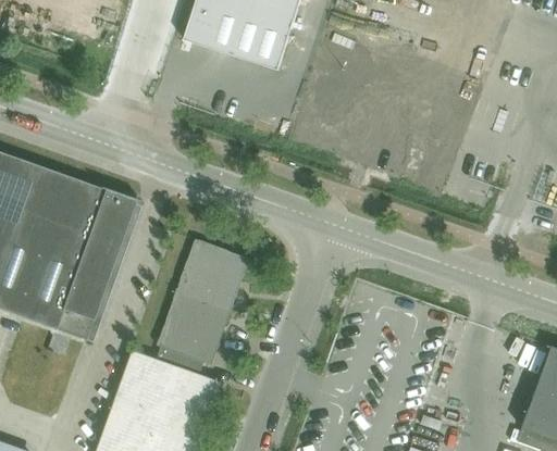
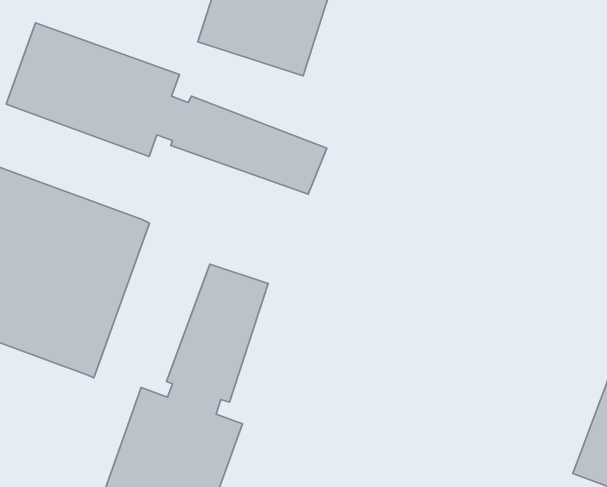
building: none -> [6,23,327,194]

